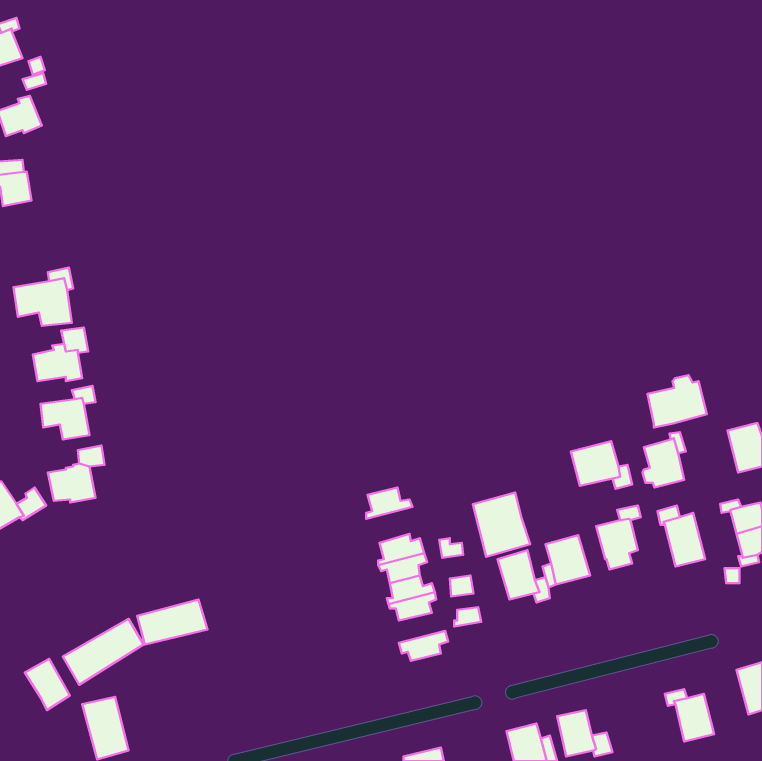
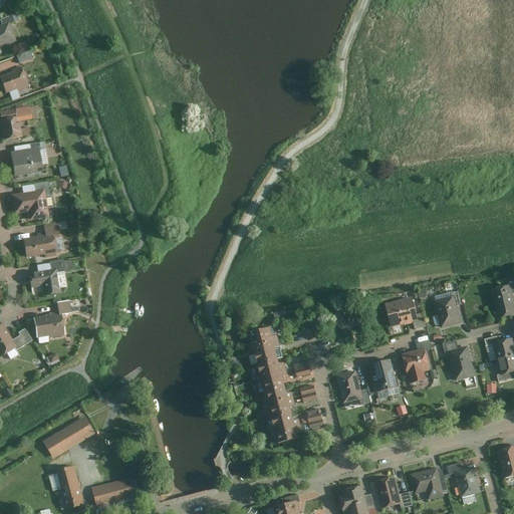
building: none -> [9,145,42,175]
building: [647,375,707,427] -> none
building: [473,492,530,557] -> none
building: none -> [246,340,278,364]
building: [137,600,208,644] -> [91,477,139,507]
building: none -> [267,412,299,432]
building: [25,659,70,710] -> none
building: none -> [409,468,443,500]

